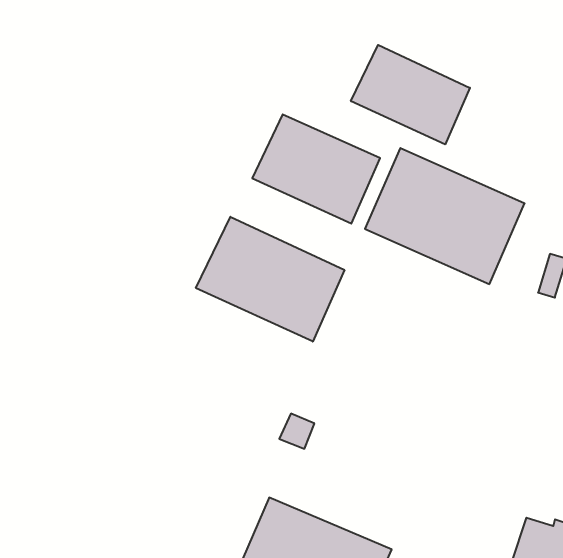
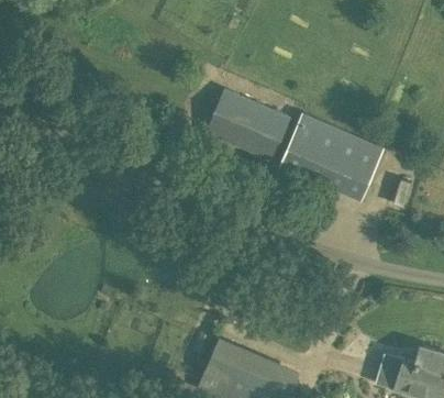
building: [351,45,470,144] -> none
building: [196,217,344,342] -> none

